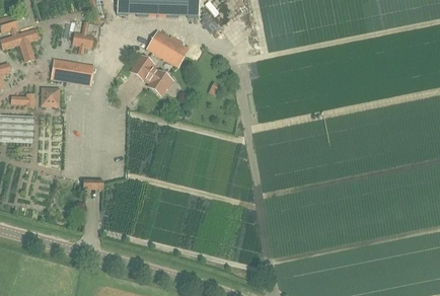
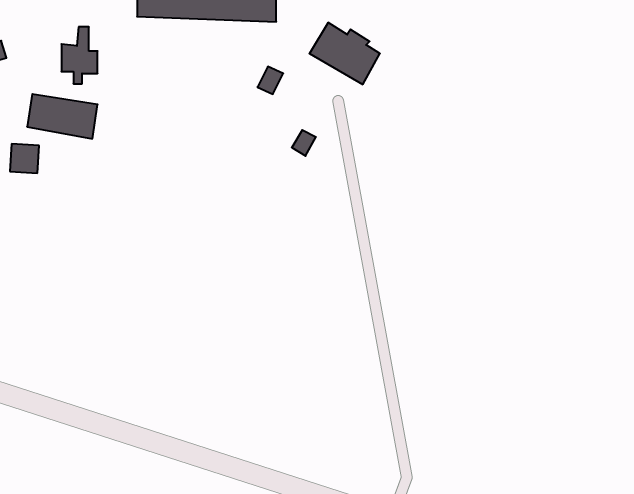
building: [147,29,189,66] -> [309,23,380,84]
building: [130,55,172,94] -> none

